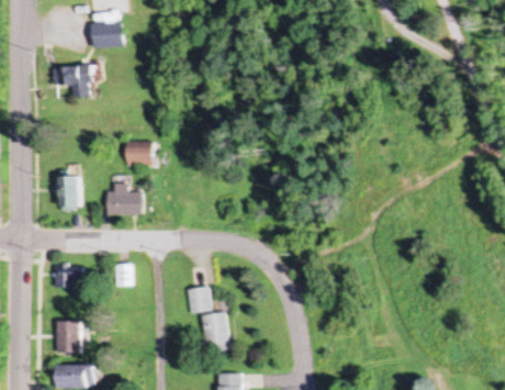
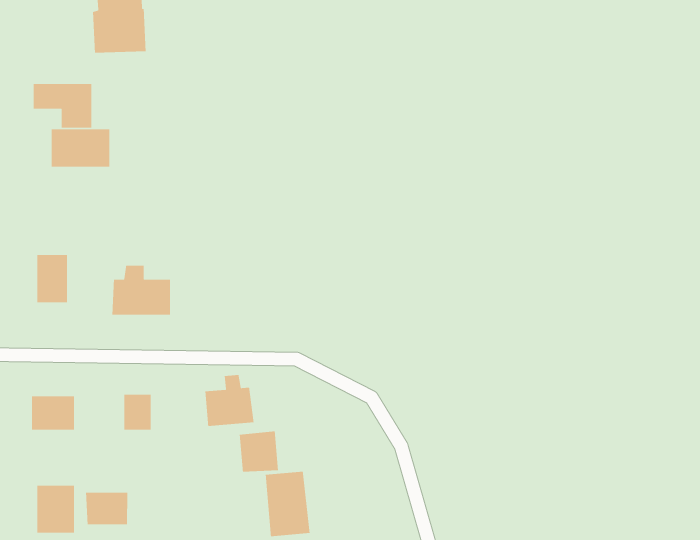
building: none -> [51,129,110,168]
building: [124,142,153,165] -> none
building: none -> [204,374,254,427]
building: none -> [85,492,128,525]

